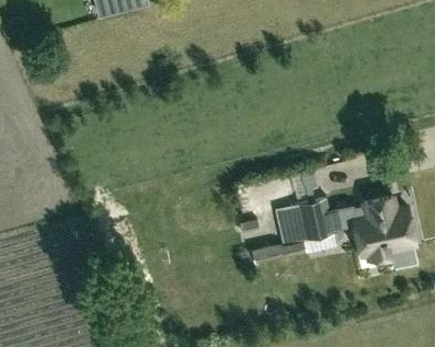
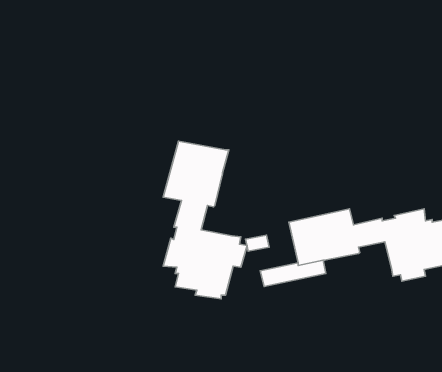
building: none -> [163,141,247,299]

